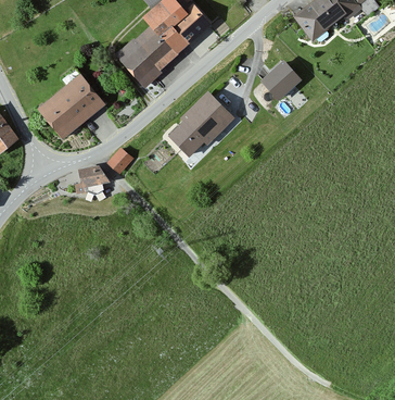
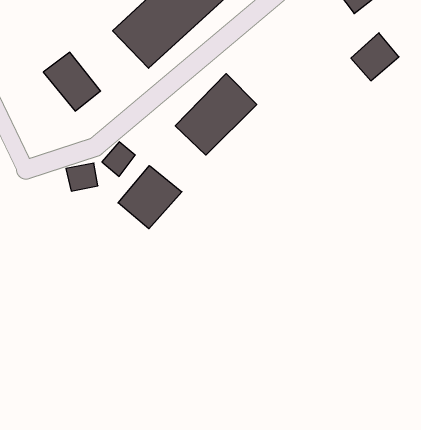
building: [262,60,301,99] -> [351,33,399,81]
building: [37,91,84,140] -> none
building: none -> [118,166,182,229]

